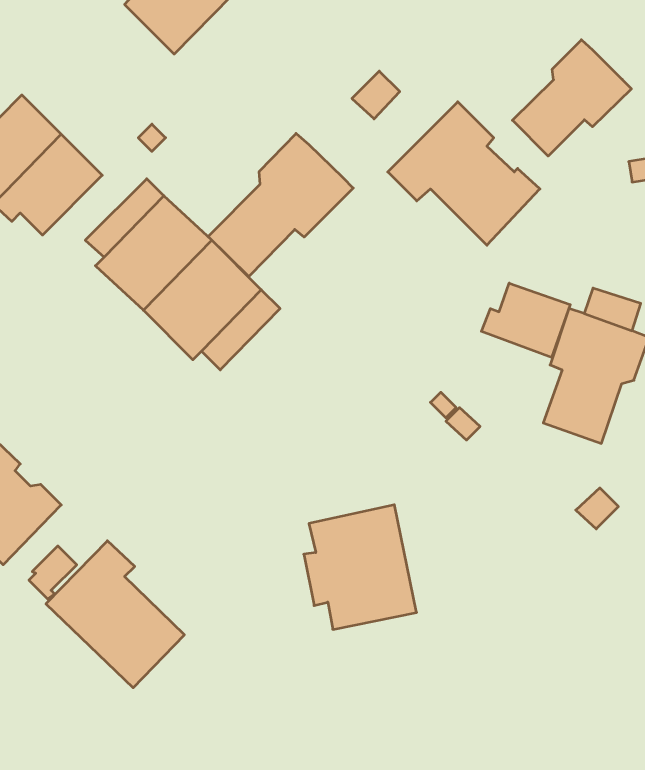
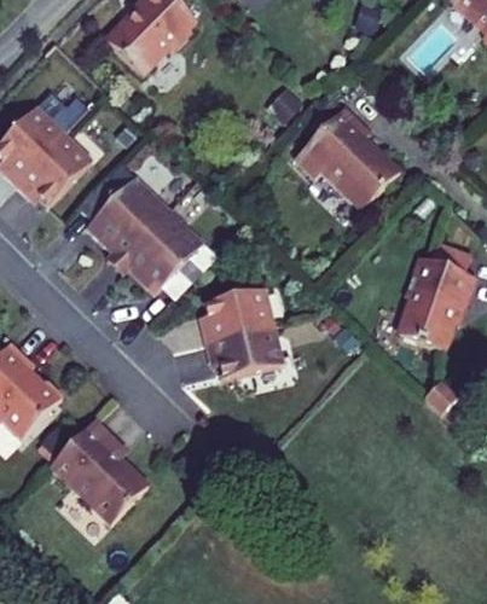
building: [512,40,631,156] -> none
building: [208,133,353,276] -> none
building: [481,283,570,357] -> none
building: [304,505,417,629] -> [203,289,283,377]

